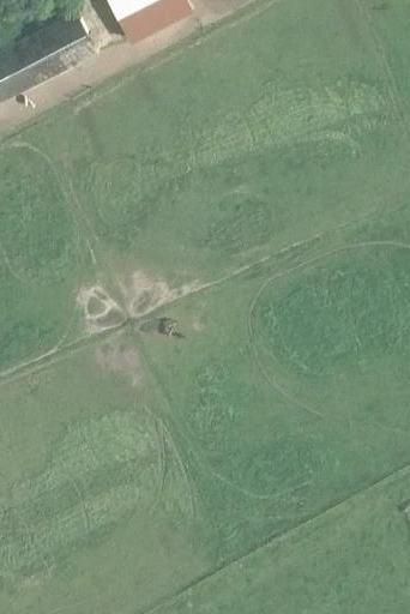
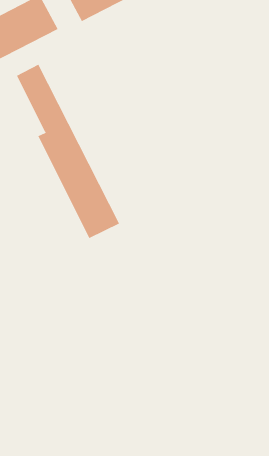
building: none -> [16,64,120,239]

